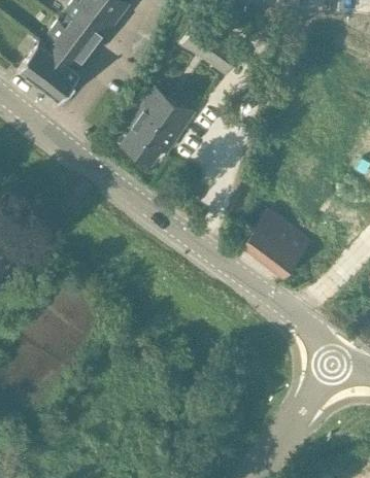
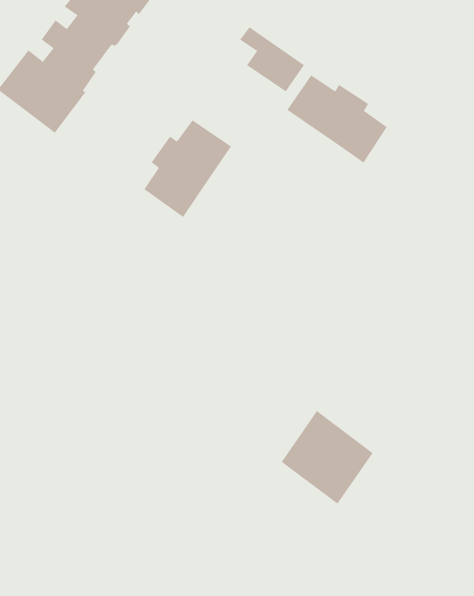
building: none -> [287,75,388,163]
building: [242,211,309,279] -> [281,410,374,504]

